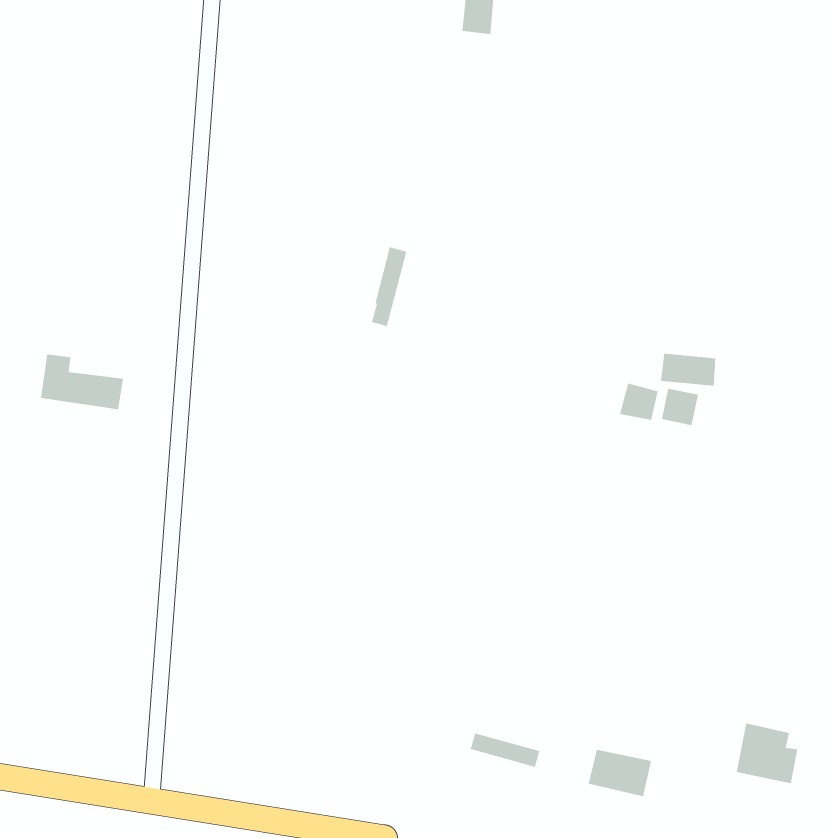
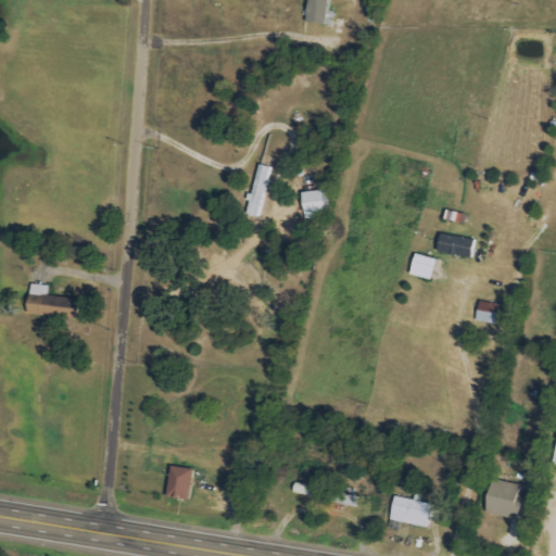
building: none -> [301,188,325,216]
building: [40,354,124,410] -> [27,282,83,319]
building: [661,388,699,426] -> [473,299,498,324]
building: none -> [166,465,194,500]

